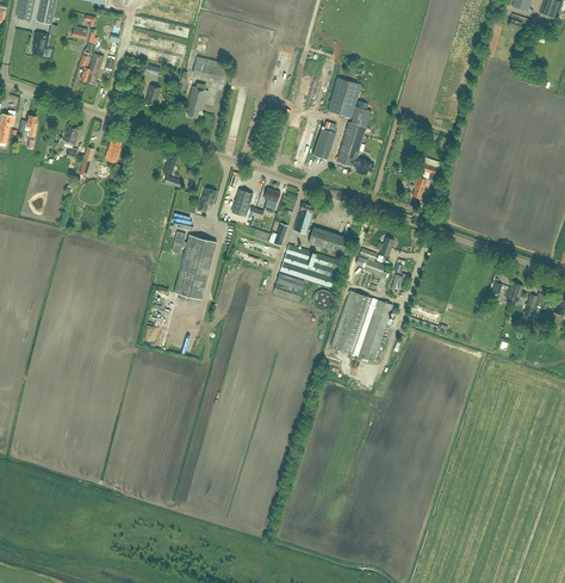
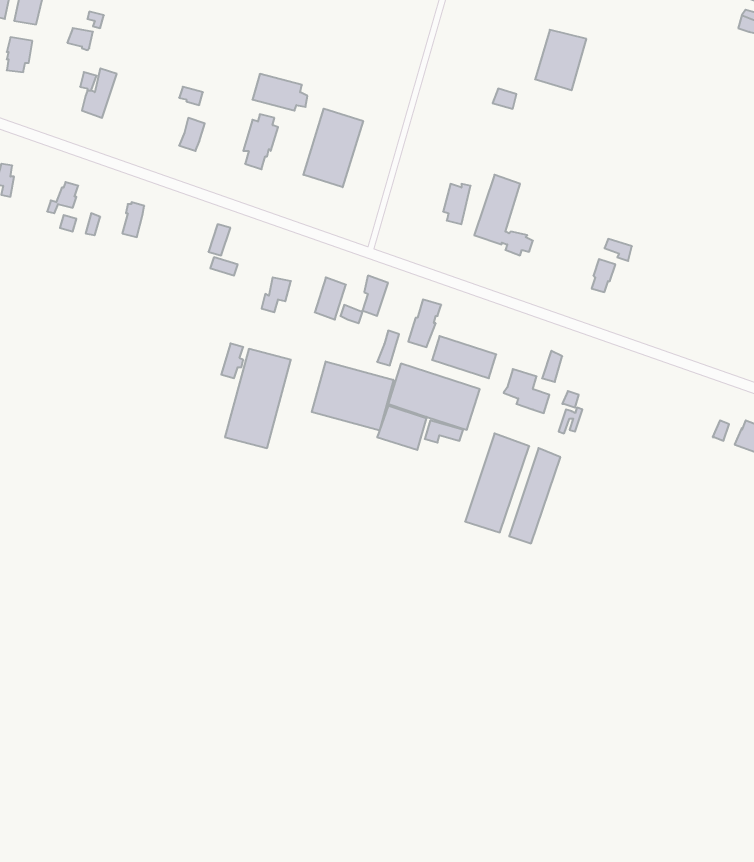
building: [327,77,360,117] -> [535,30,586,90]
building: none -> [303,109,363,187]
building: none -> [312,361,393,430]

